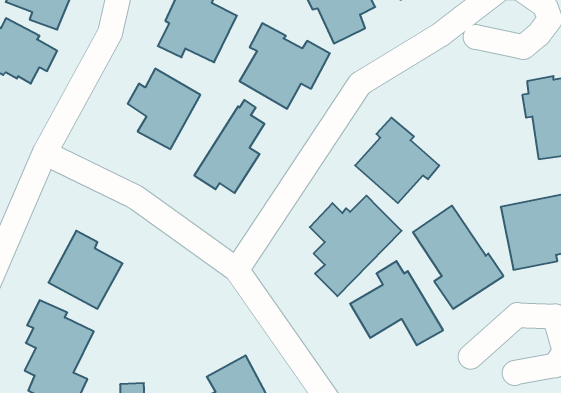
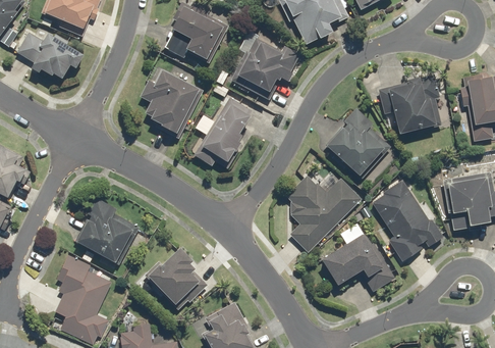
building: none -> [379,73,440,136]
building: none -> [145,246,199,305]

